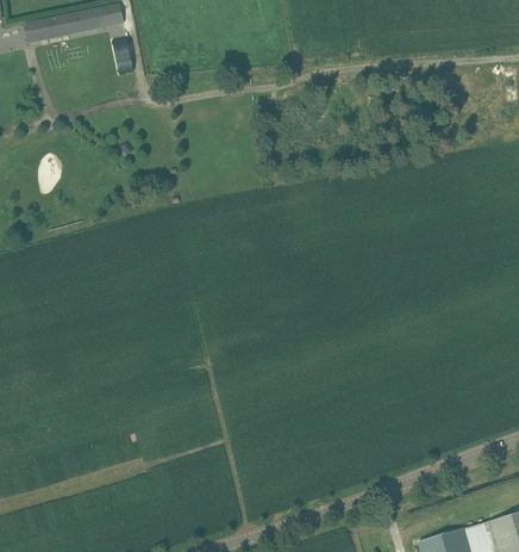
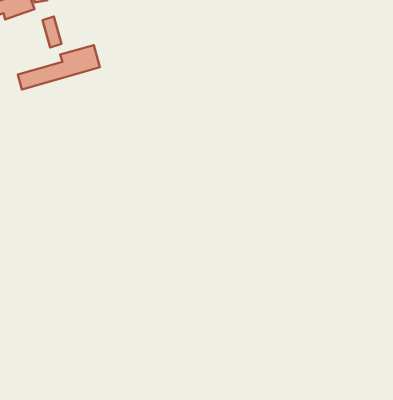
building: none -> [18,45,100,89]

